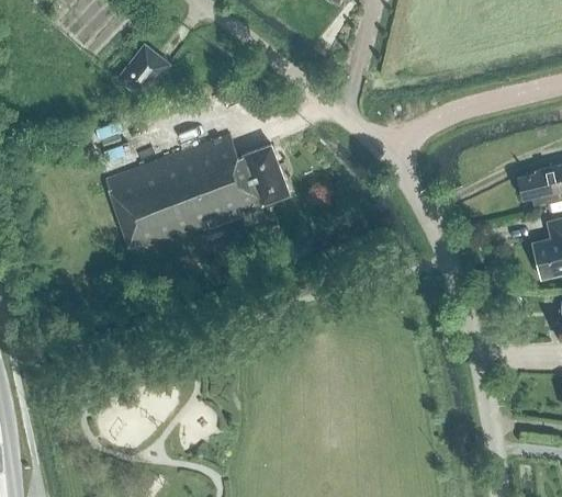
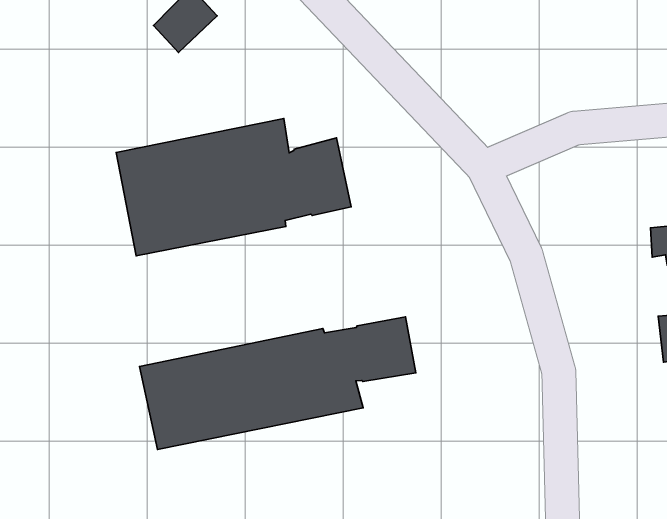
building: none -> [140,317,416,449]

